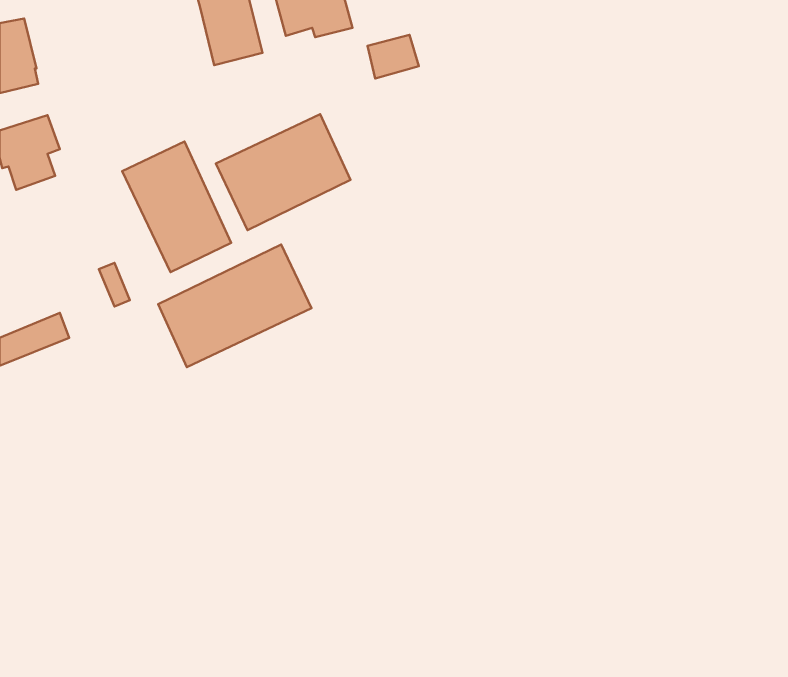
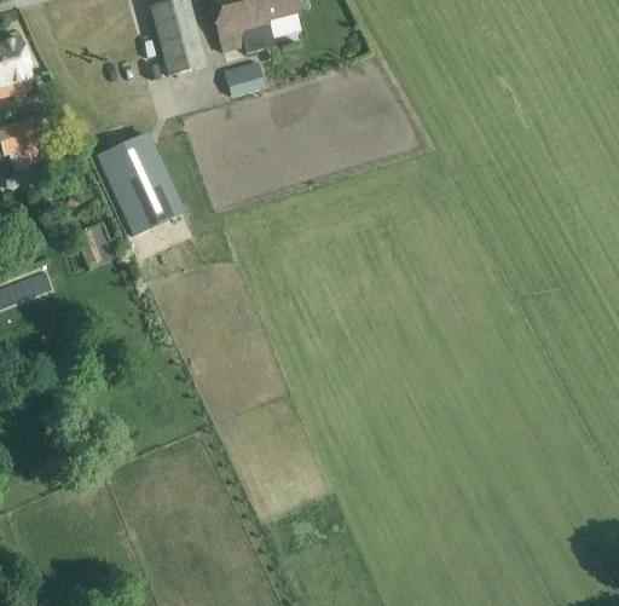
building: [367,35,419,79] -> [225,60,265,94]
building: [216,114,351,230] -> none
building: [158,244,312,367] -> none

